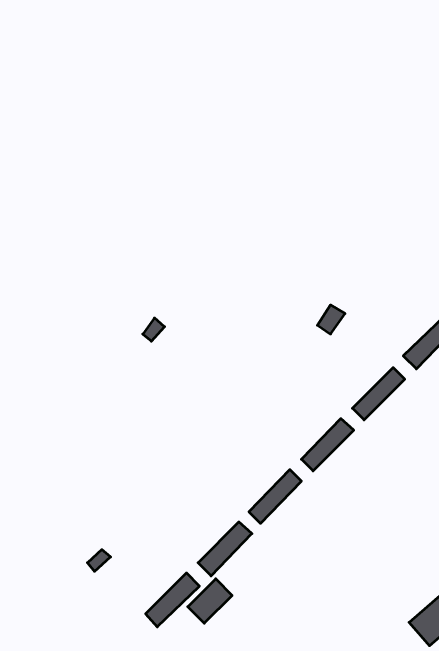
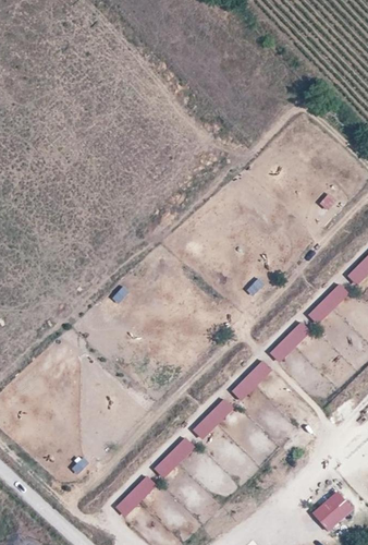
building: [188,579,232,623] -> none

